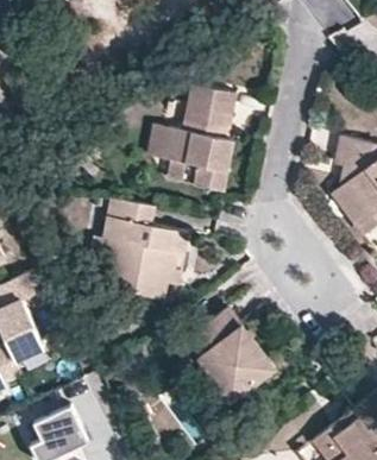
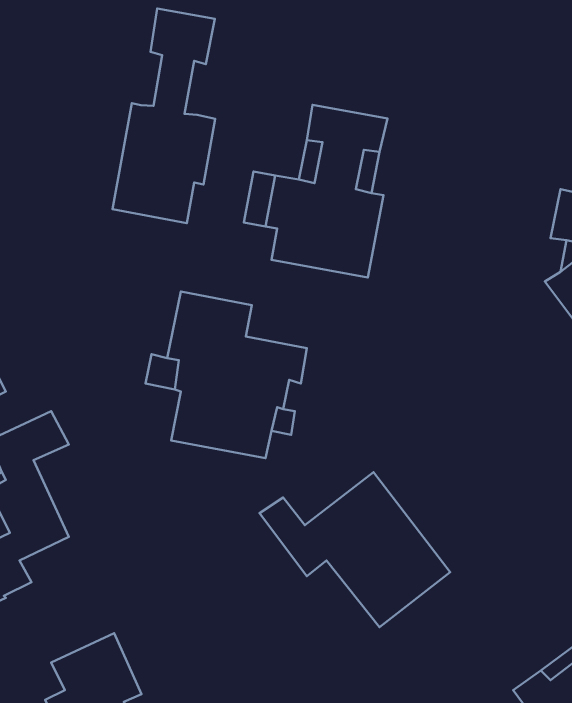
building: none -> [113,8,215,223]

